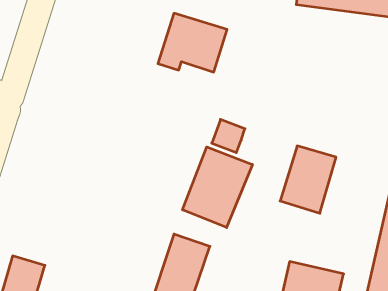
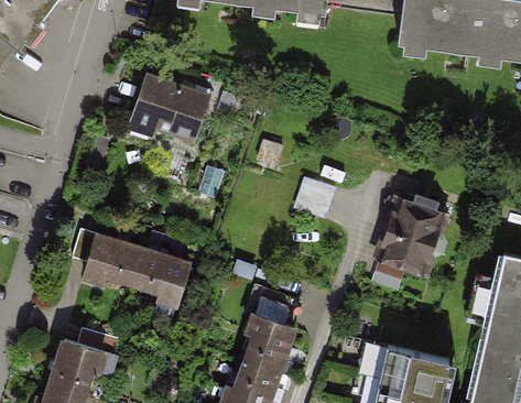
building: [158,13,227,72] -> [127,87,207,155]
building: [183,147,252,228] -> none
building: none -> [85,232,189,303]

